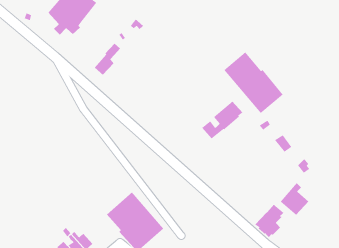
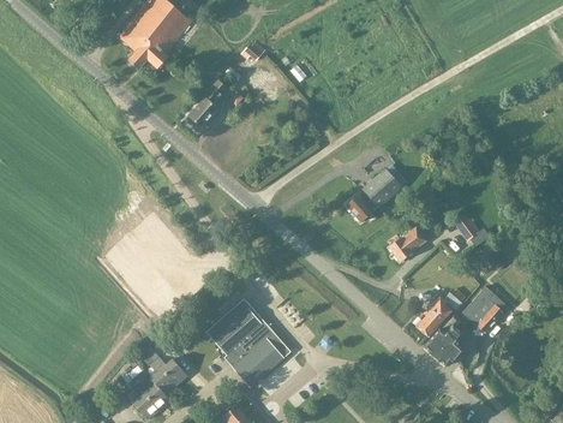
building: [223,51,283,114] -> none
building: none -> [388,227,426,262]
building: none -> [415,291,461,336]

